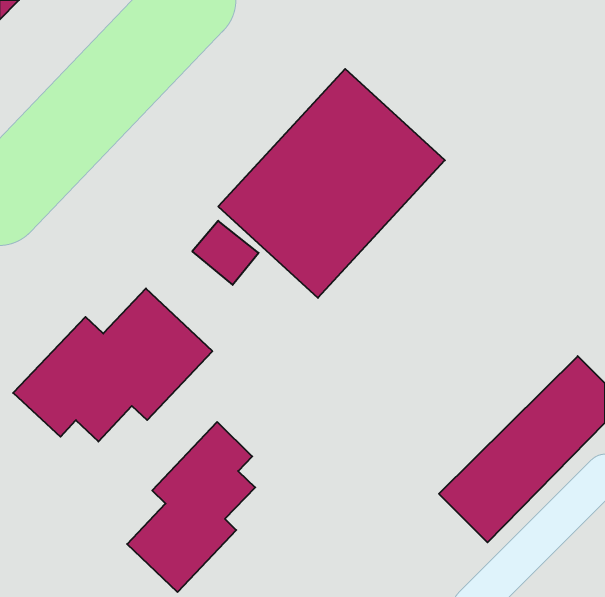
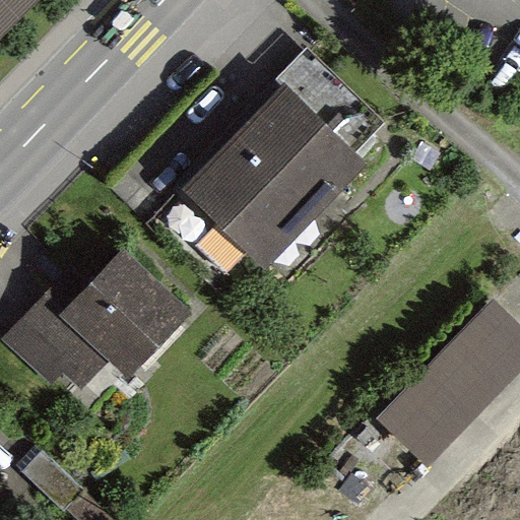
building: [127,422,255,592] -> none

